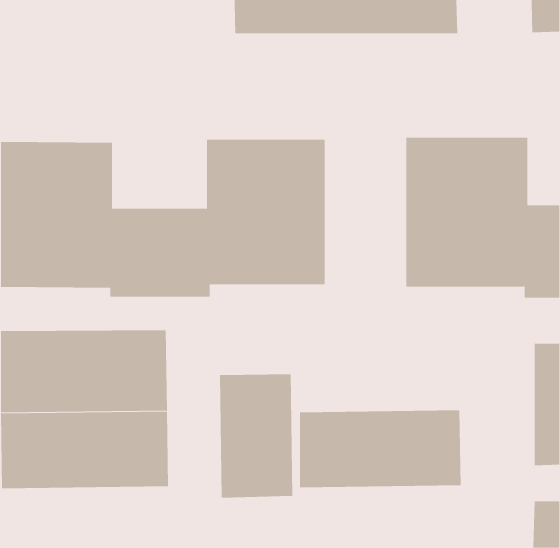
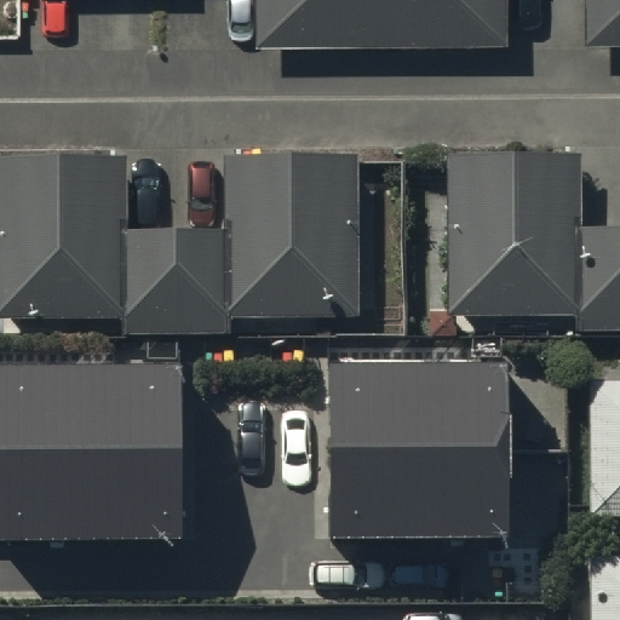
building: none -> [329,363,509,455]
building: [220,374,293,498] -> none

